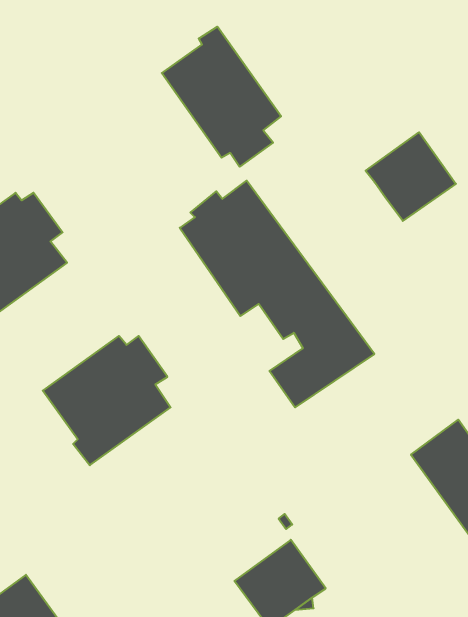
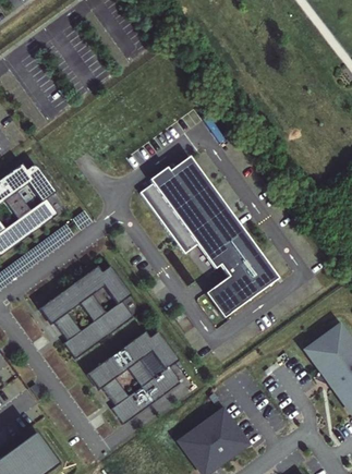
building: [162,27,281,167] -> none
building: [366,132,456,221] -> none
building: none -> [90,331,182,424]

